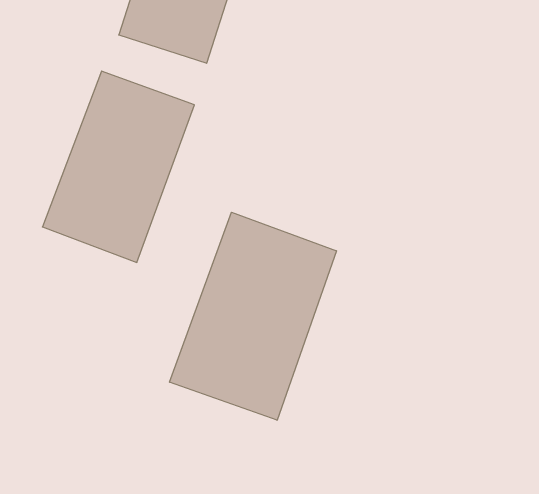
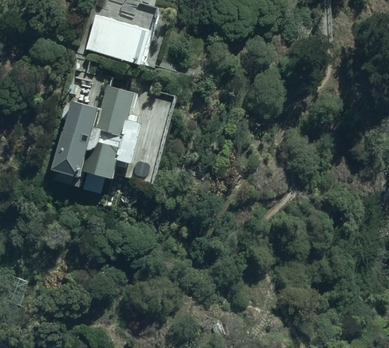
building: [170,212,336,420] -> none

